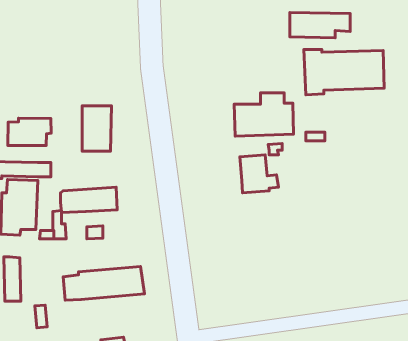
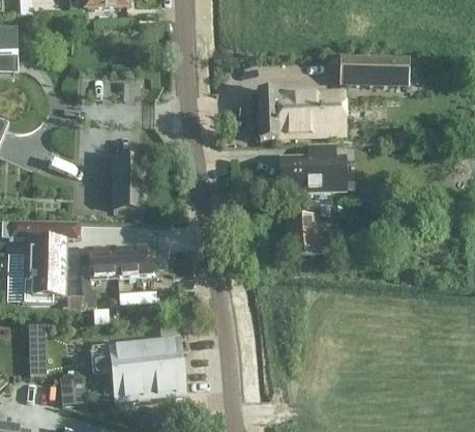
building: [304,49,384,95] -> [258,89,346,139]
building: [8,118,51,146] -> none
building: none -> [113,365,185,402]

